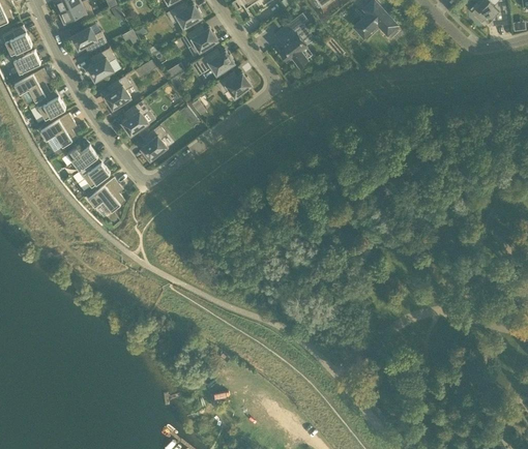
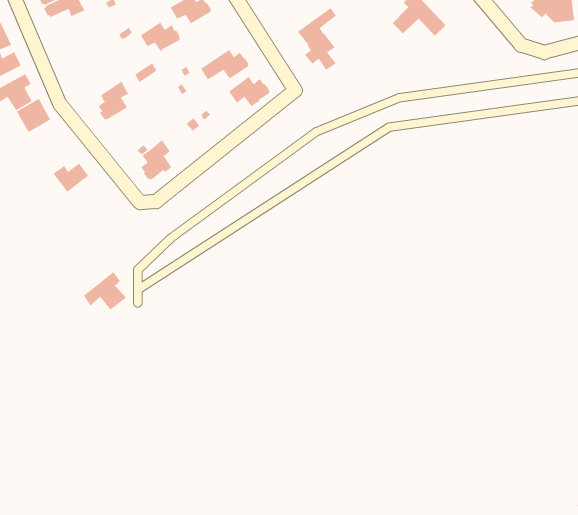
building: [182,25,217,51] -> [140,22,181,52]
building: [70,26,107,52] -> none
building: [87,48,115,81] -> none
building: [122,100,149,134] -> none
building: [40,113,77,146] -> none
building: [79,155,110,185] -> none
building: [88,177,125,211] -> [83,271,127,311]

